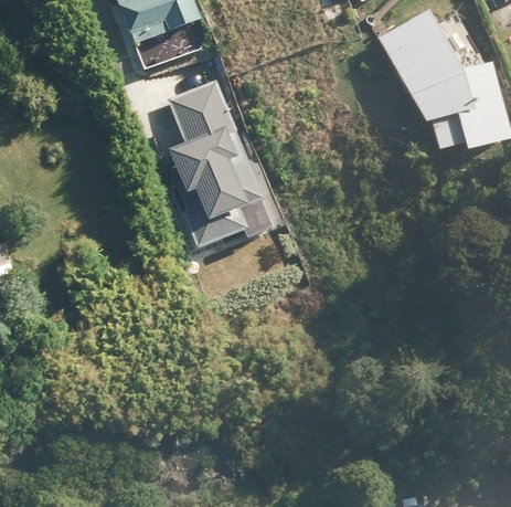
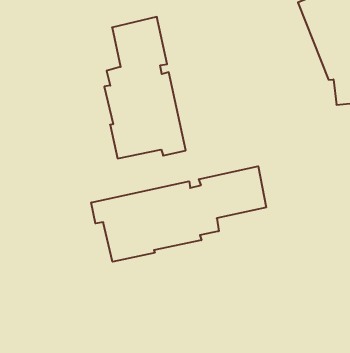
building: none -> [91,166,266,262]

